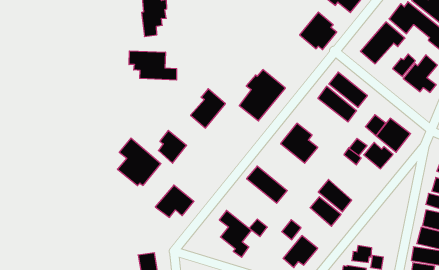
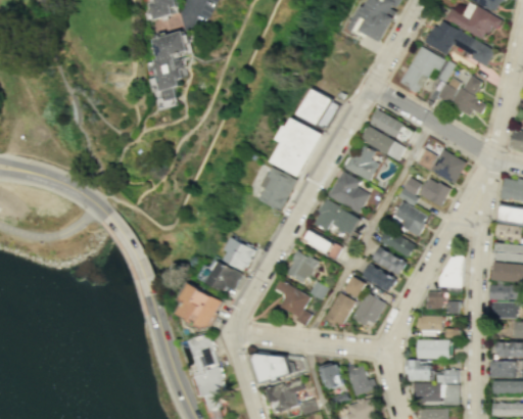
building: [300,12,337,50] -> [299,88,339,128]
building: [129,51,177,80] -> none
building: [191,89,225,128] -> [262,167,297,210]
building: none -> [344,144,375,180]
building: [158,130,187,163] -> [228,236,257,271]
building: [117,138,161,186] -> [180,278,227,328]
building: none -> [312,198,363,236]
building: none -> [391,201,427,235]
building: none -> [285,249,319,284]
building: none -> [362,262,396,292]
building: none -> [436,255,462,288]
building: none -> [324,291,356,326]

